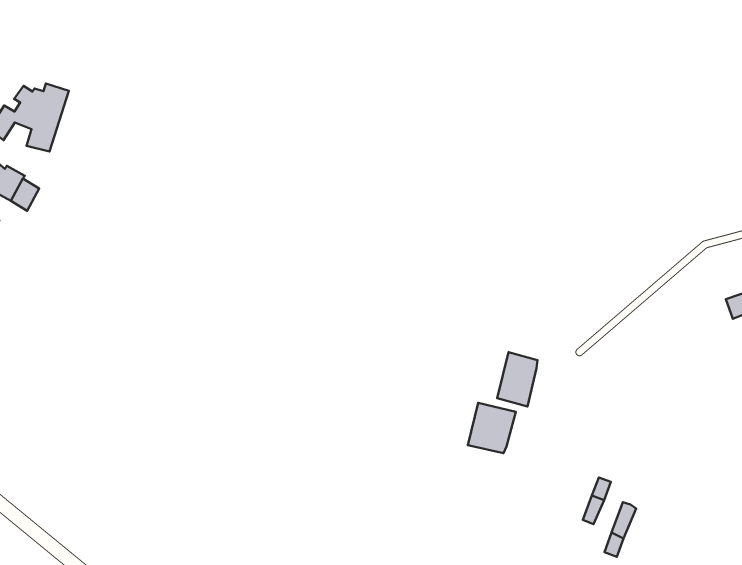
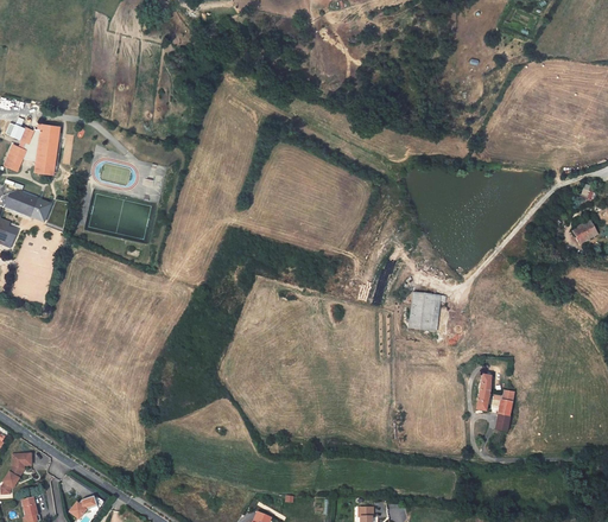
building: [468,403,516,453] -> none

